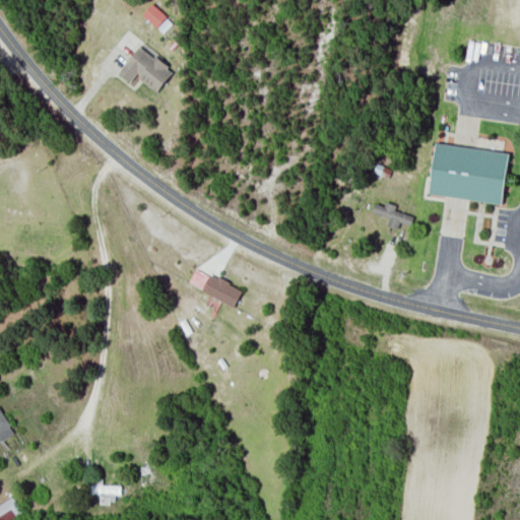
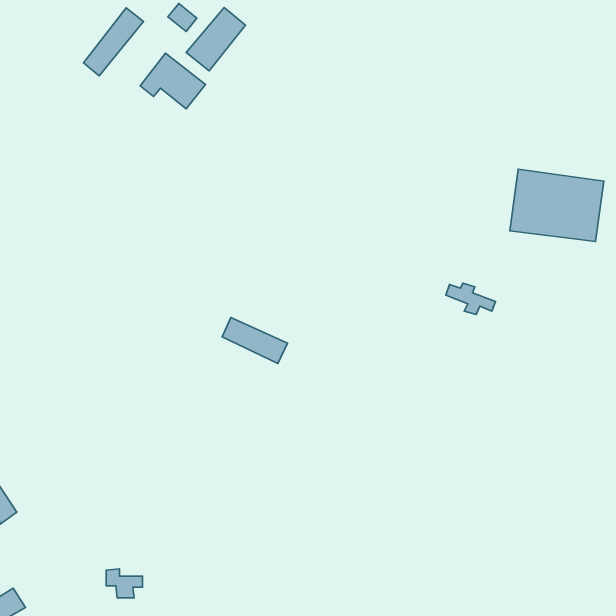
building: none -> [186,7,245,71]
building: none -> [84,8,144,76]
building: [371,202,412,229] -> [446,283,496,315]

